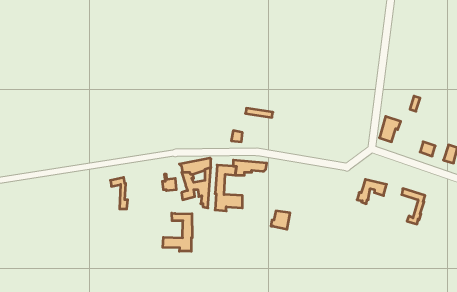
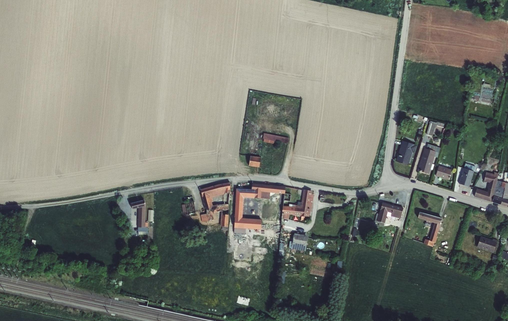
building: none -> [418,144,441,174]
building: none -> [282,190,314,220]
building: [163,213,192,251] -> none

